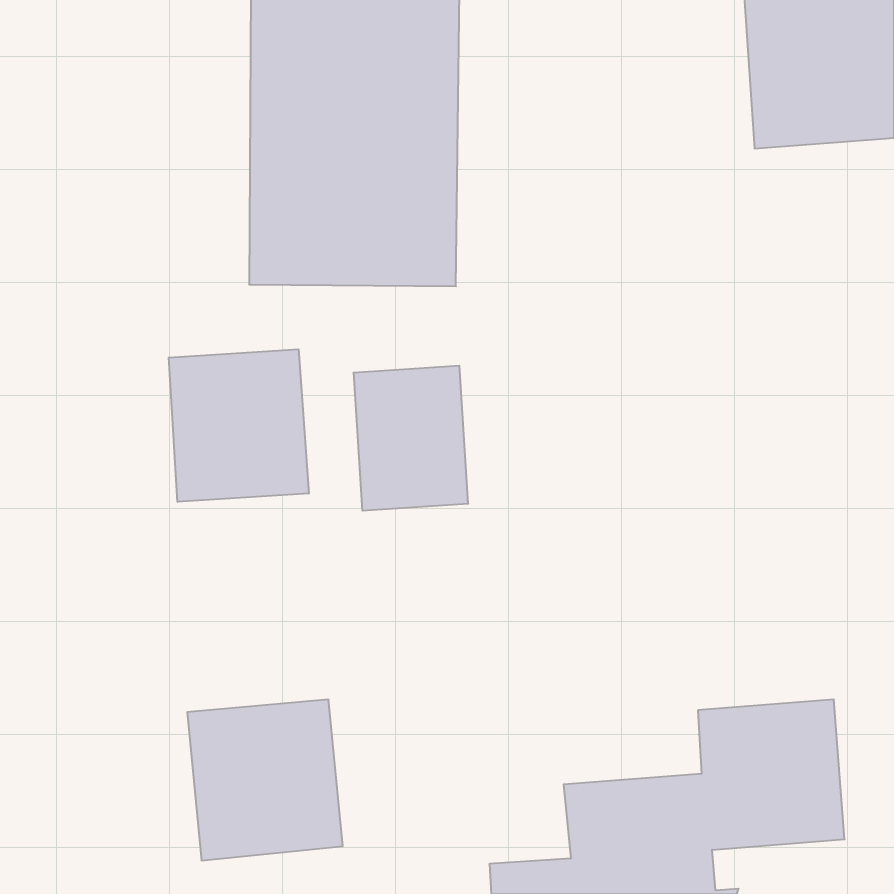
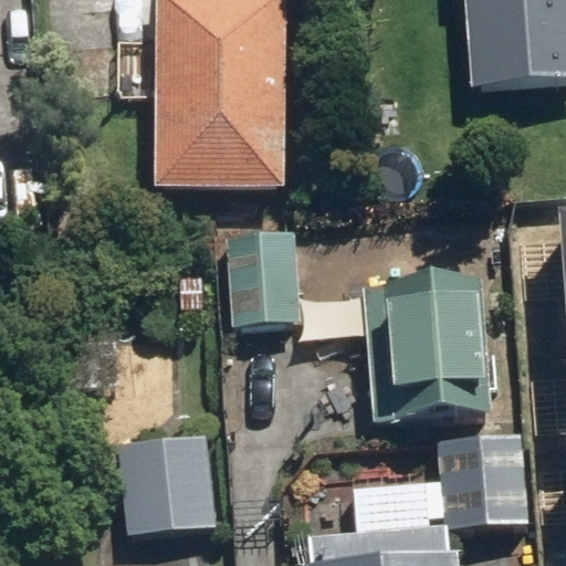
building: [169,349,309,502] -> none
building: none -> [366,280,494,427]

